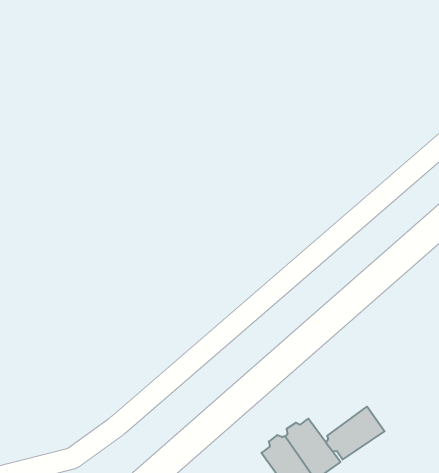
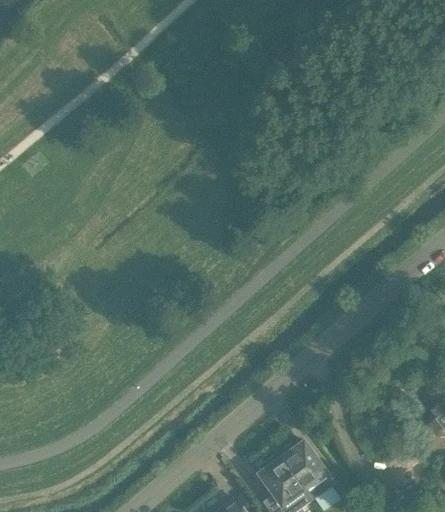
building: [326,407,385,460] -> none

